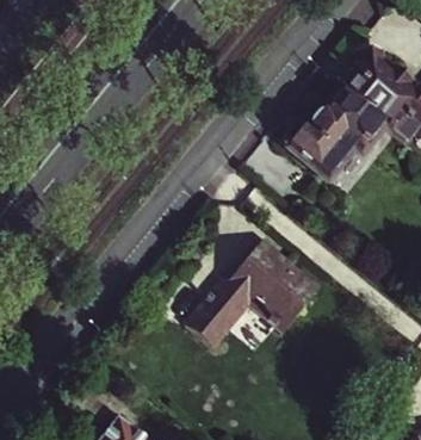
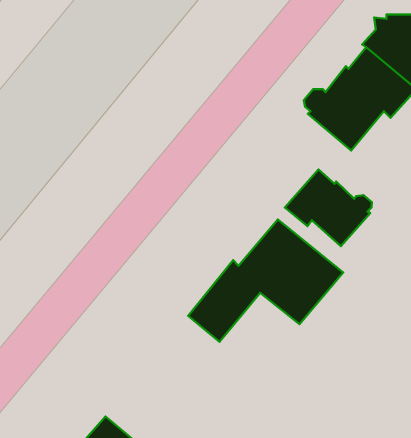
building: none -> [285,169,372,246]

